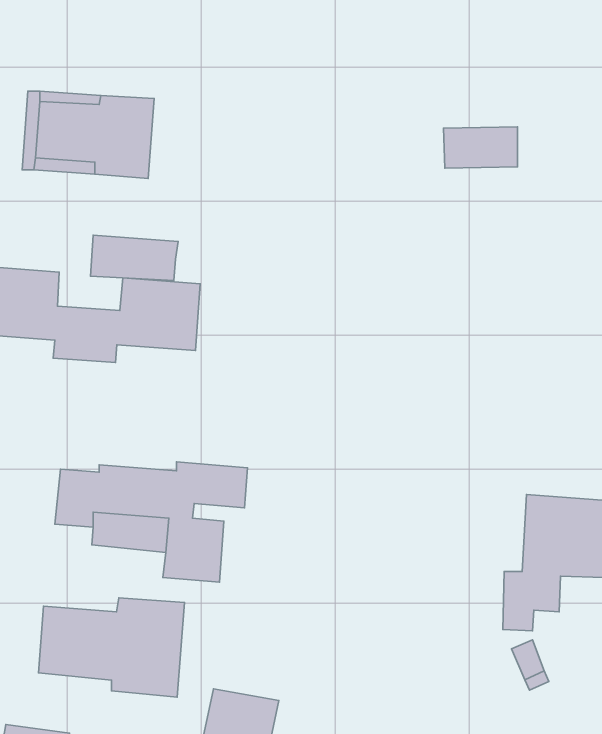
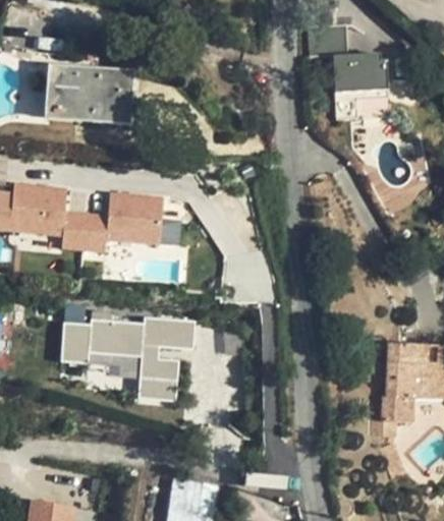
building: none -> [313,24,383,90]
building: [90,235,178,281] -> none
building: [39,598,185,697] -> none

